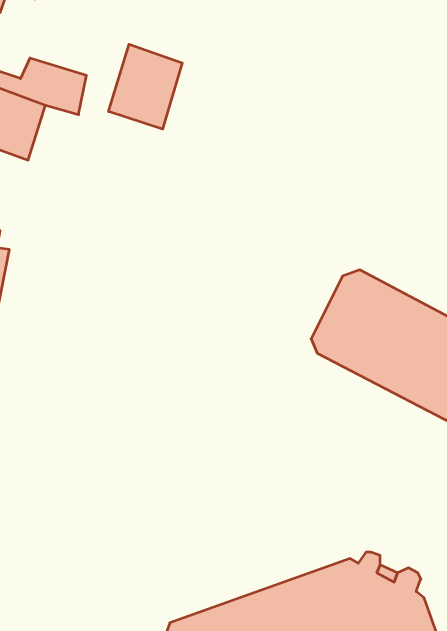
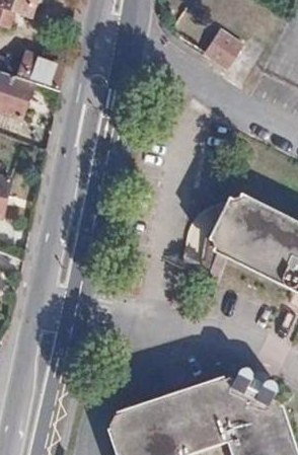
building: none -> [204,26,245,69]
building: [109,44,182,129] -> none

